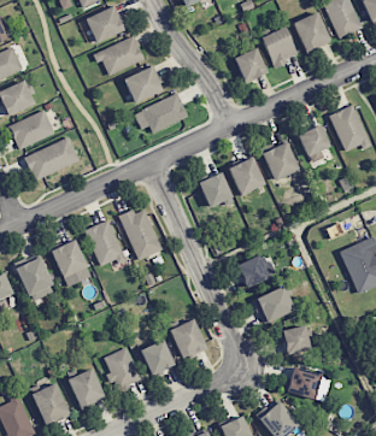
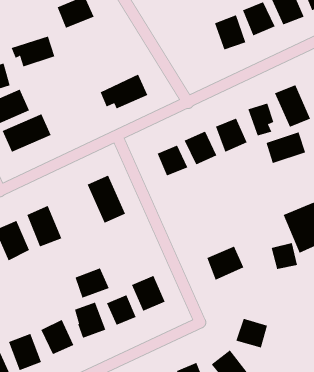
building: [94,37,143,72] -> [11,36,55,67]
building: [234,47,268,83] -> none
building: [124,65,164,102] -> none
building: none -> [266,131,306,164]
building: [84,220,125,269] -> none
building: [236,253,275,288] -> none
building: none -> [75,268,109,298]
building: [281,324,311,354] -> [271,242,298,269]

